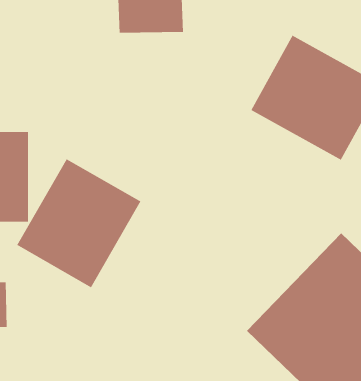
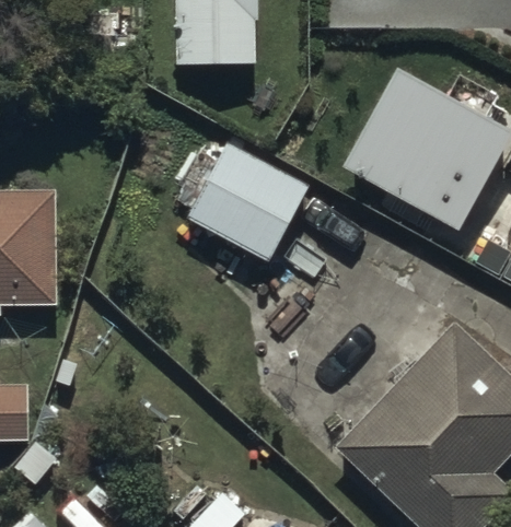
building: none -> [182,133,318,267]
building: [17,158,141,288] -> none

